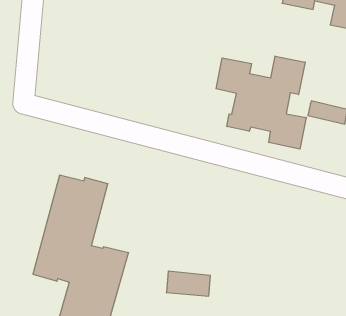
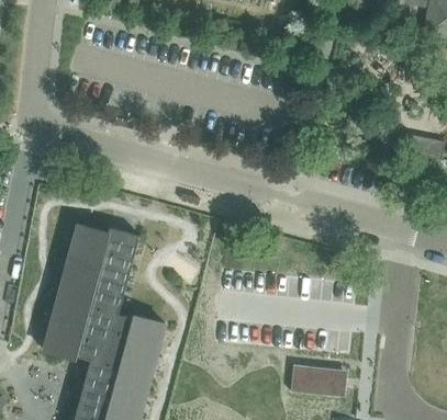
building: [216,56,306,149] -> none
building: [166,271,210,296] -> [291,364,347,396]

